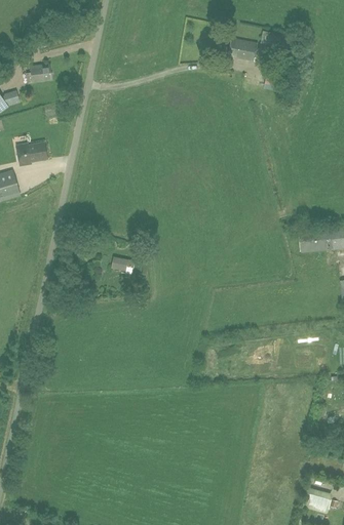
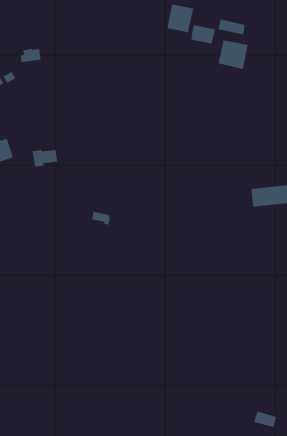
building: none -> [167,4,194,33]
building: none -> [218,39,248,70]
building: [16,143,47,164] -> [32,149,58,167]

